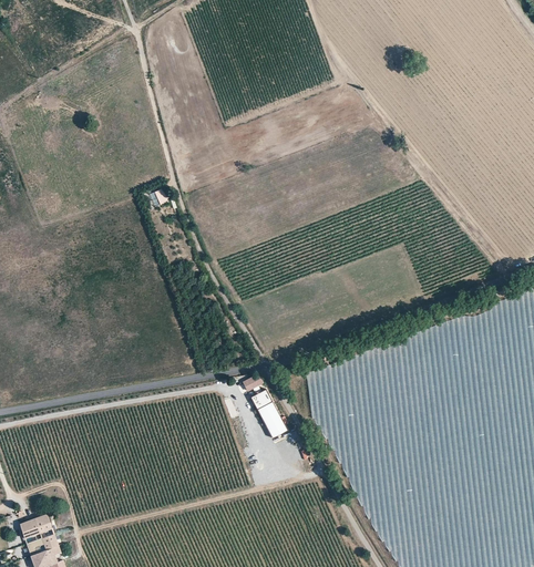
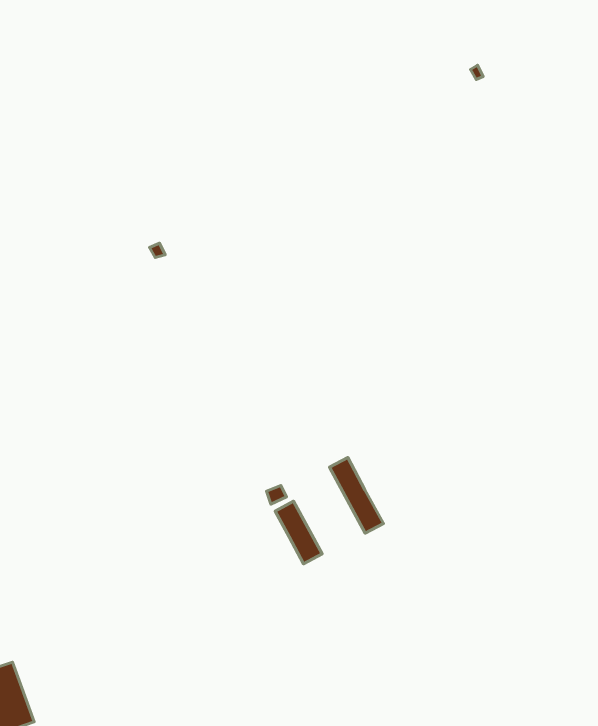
building: none -> [330,457,383,533]

